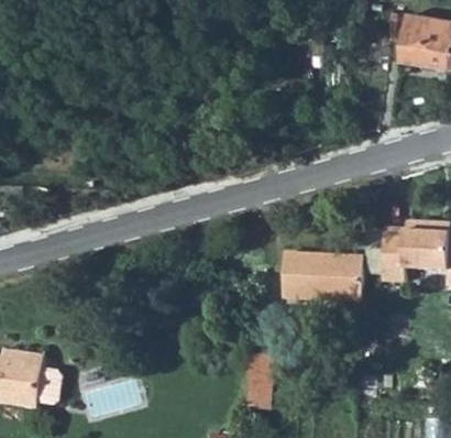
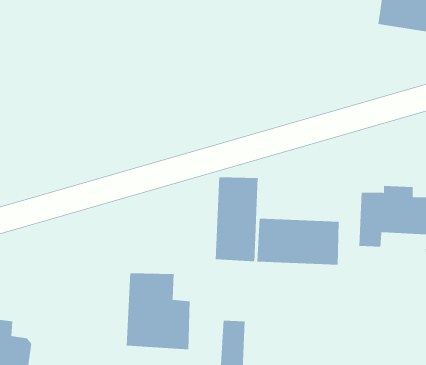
building: none -> [215,176,258,262]
building: none -> [126,273,190,350]

